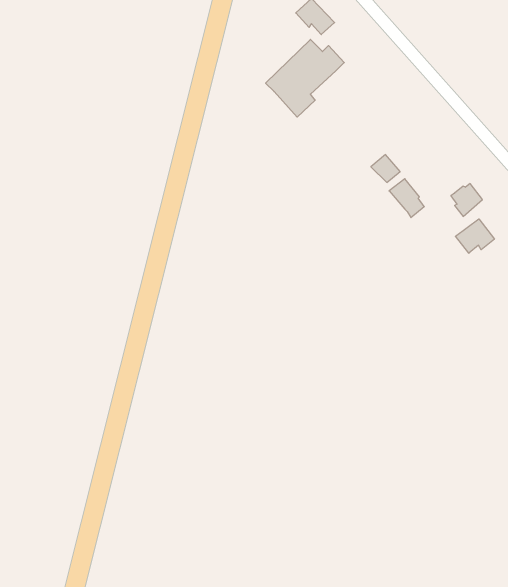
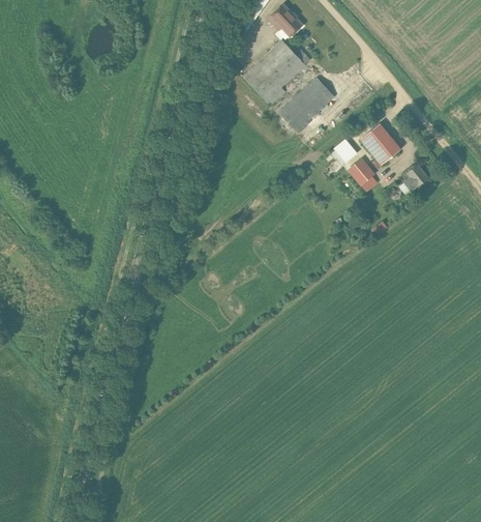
building: none -> [279,78,335,132]
building: none -> [361,123,400,167]
building: [455,219,494,253] -> none

